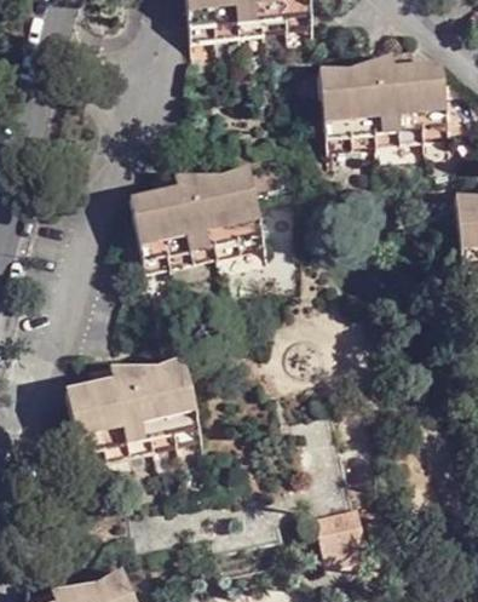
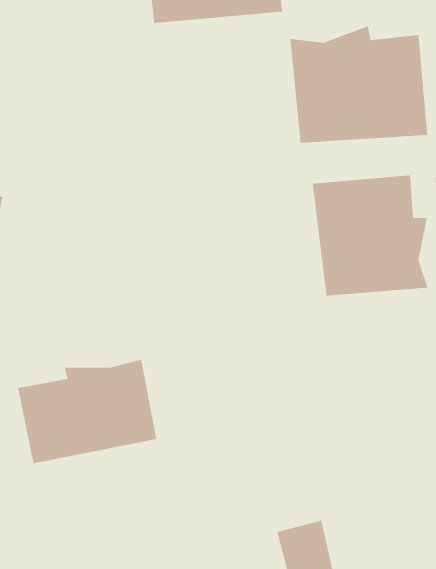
building: [128,157,266,266] -> none
building: none -> [312,174,428,296]

